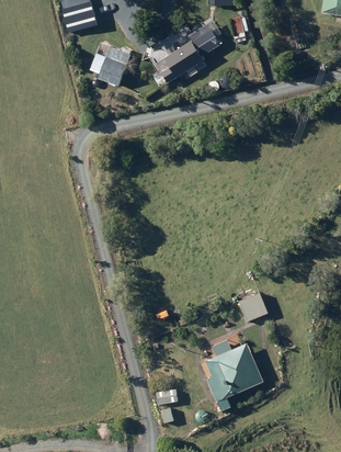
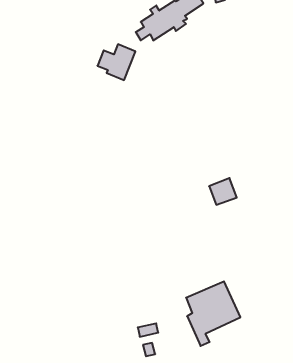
building: [90,47,130,86] -> [97,44,135,80]
building: [236,291,265,319] -> [209,178,237,205]

